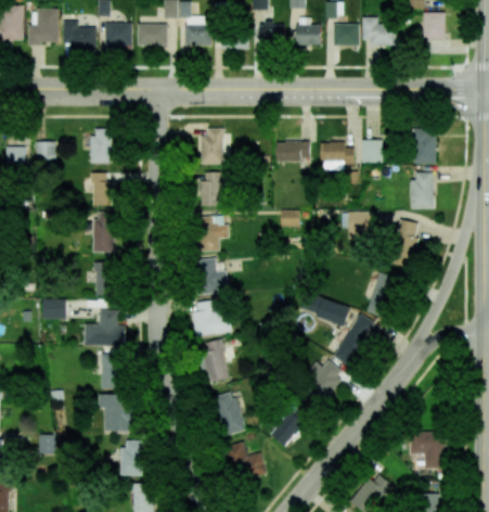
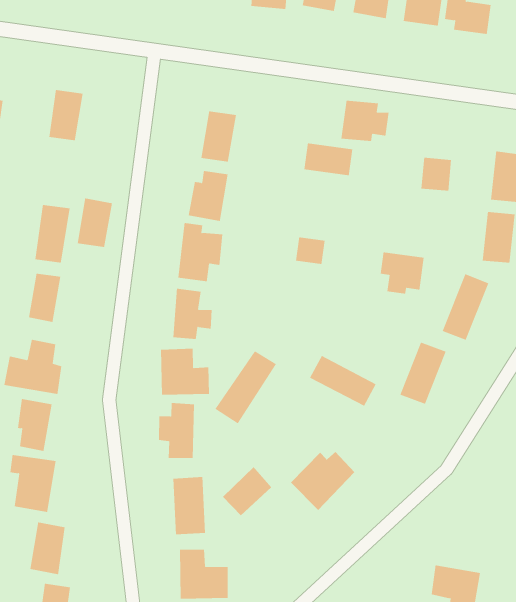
building: [321,142,353,171] -> [340,100,390,142]
building: [91,172,113,206] -> [77,198,113,248]
building: [334,313,374,368] -> [214,351,277,424]
building: [270,410,305,447] -> [222,466,272,516]

